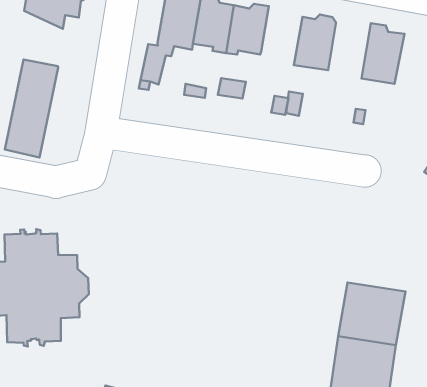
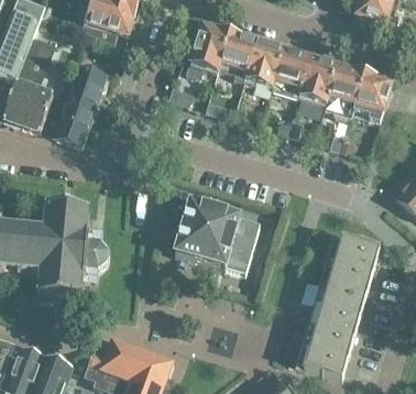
building: none -> [272,45,311,98]
building: none -> [326,66,366,119]
building: none -> [175,201,260,273]
building: none -> [321,234,380,292]

